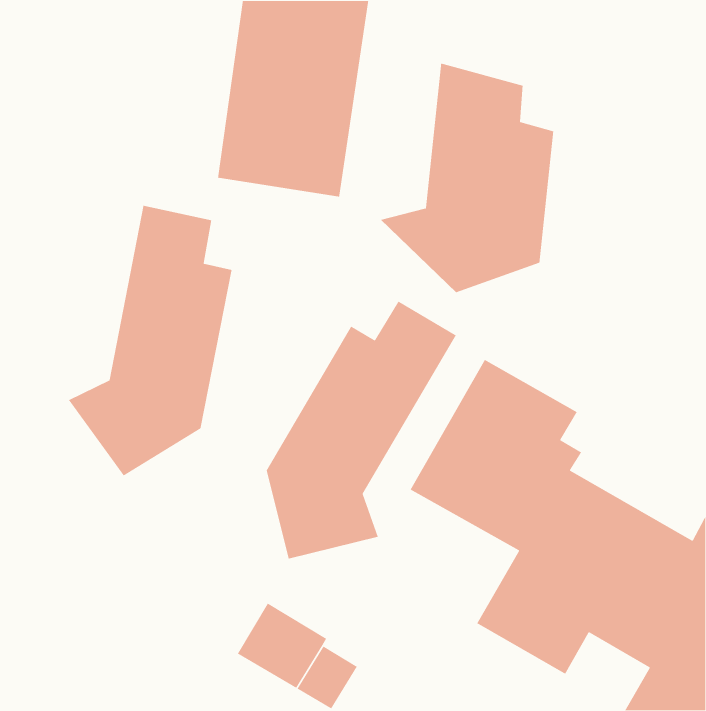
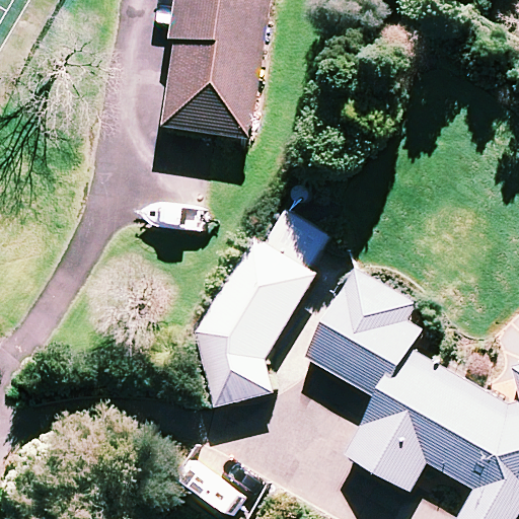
building: [380,63,554,293] -> none
building: [68,205,232,477] -> none

